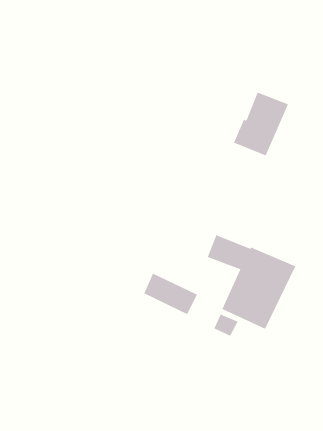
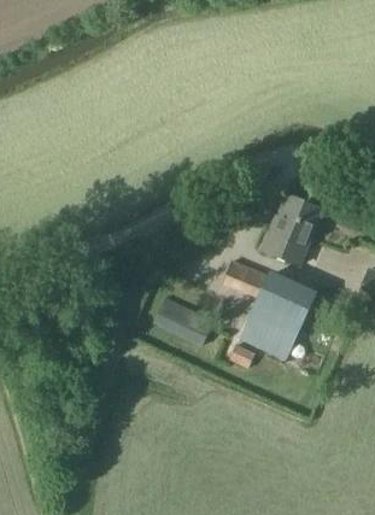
building: [233,92,289,156] -> [263,195,322,264]

